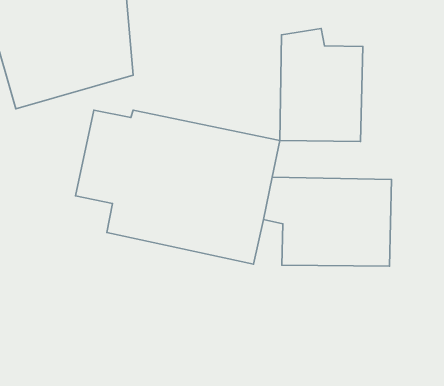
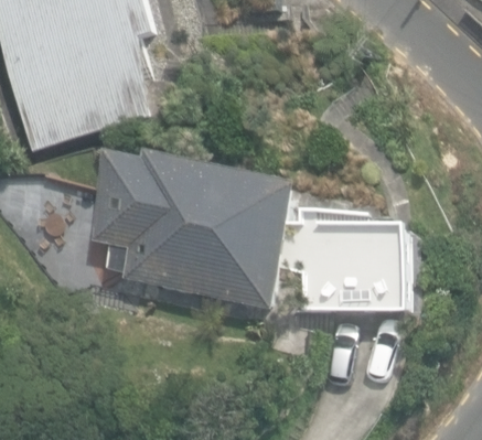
building: [280,29,363,141] -> none

